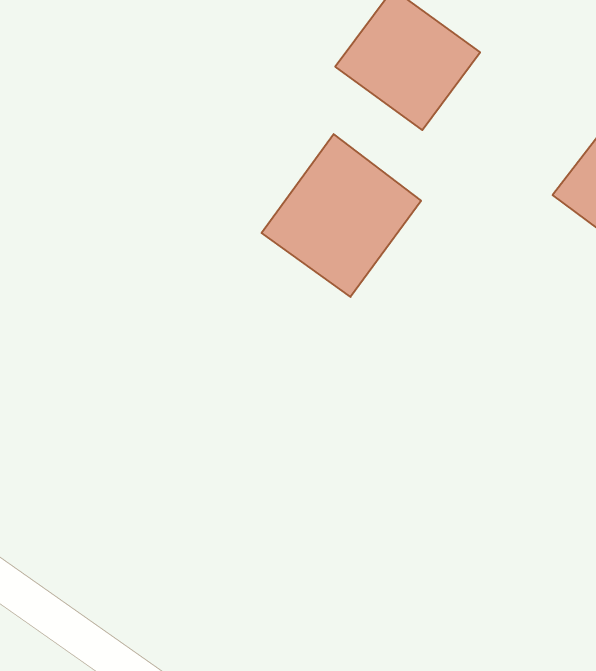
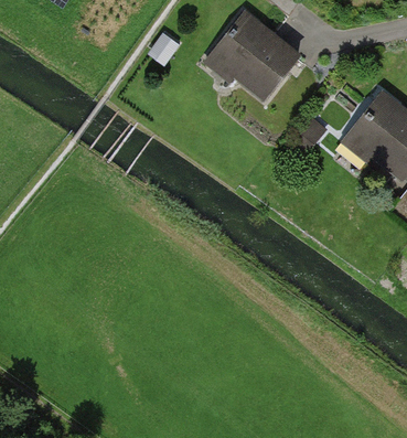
building: [262,134,421,297] -> none

